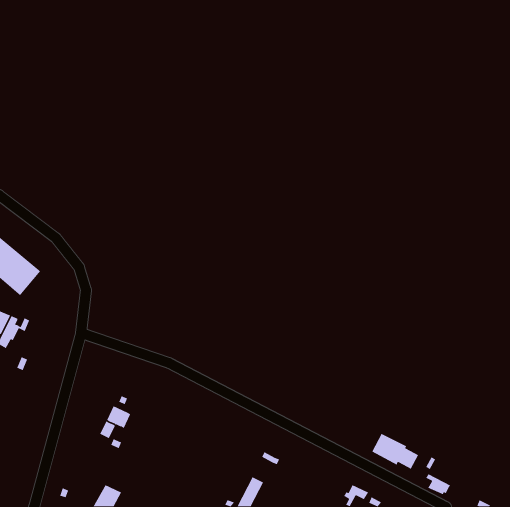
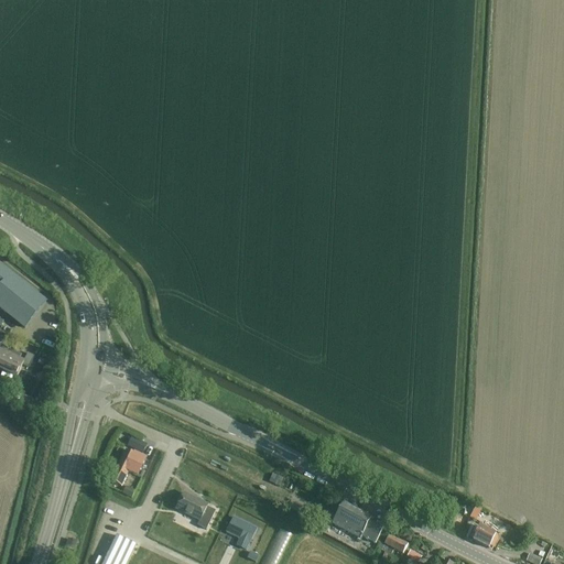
building: [371,433,419,470] -> [330,500,383,541]
building: none -> [175,489,214,527]
building: none -> [225,514,257,549]

